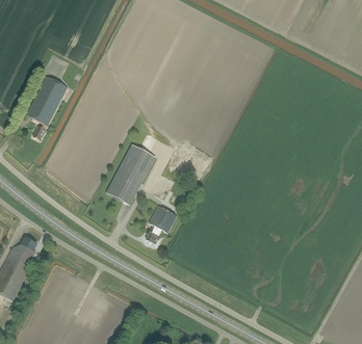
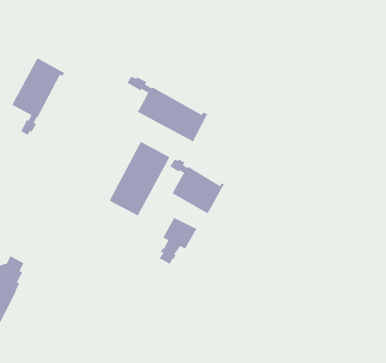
building: none -> [127,76,208,142]
building: none -> [170,158,225,214]

